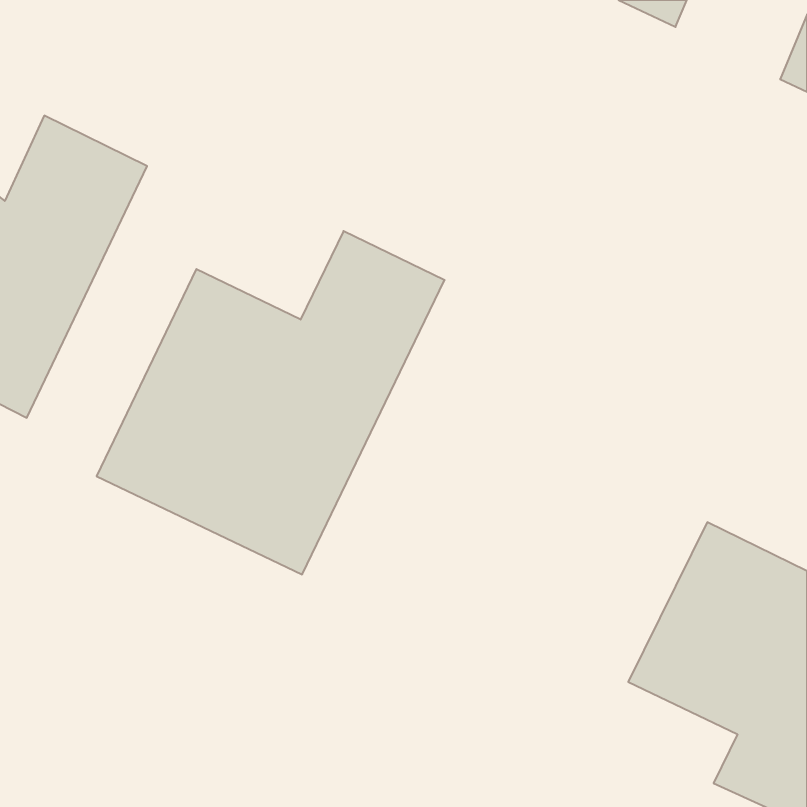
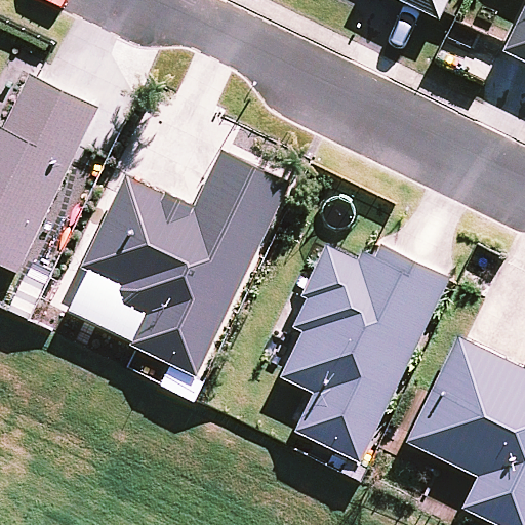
building: none -> [280,245,446,477]

